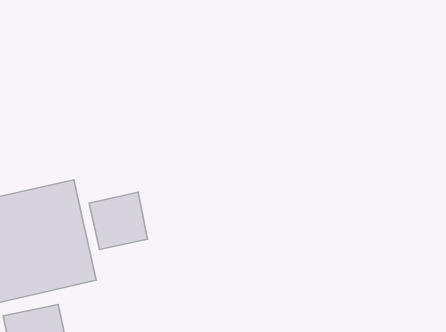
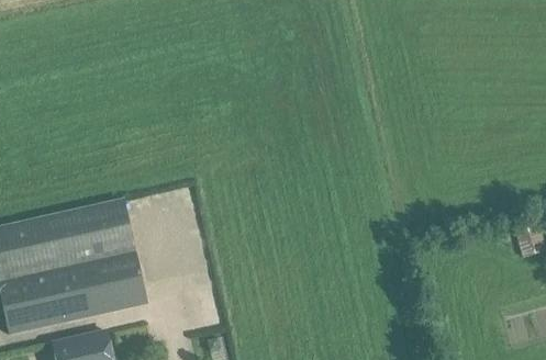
building: [89,192,148,250] -> none

